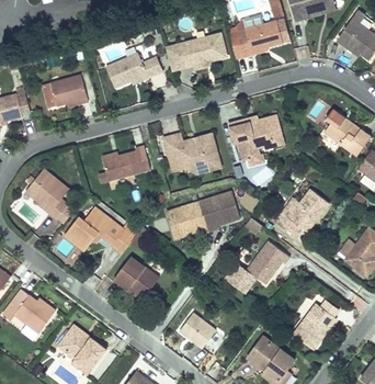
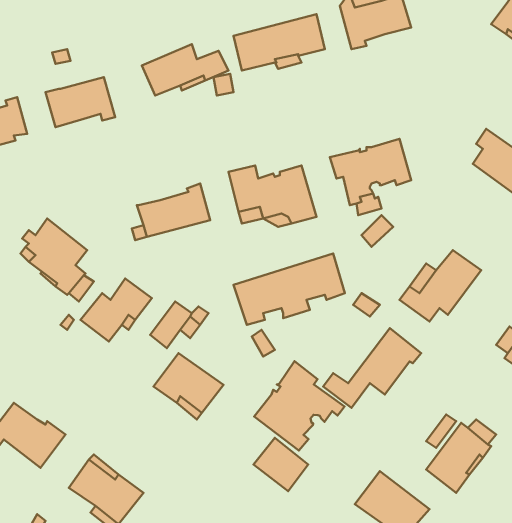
building: none -> [254,361,344,450]

